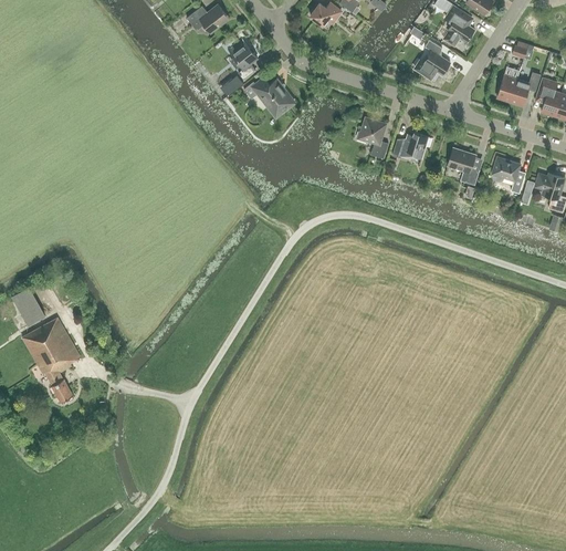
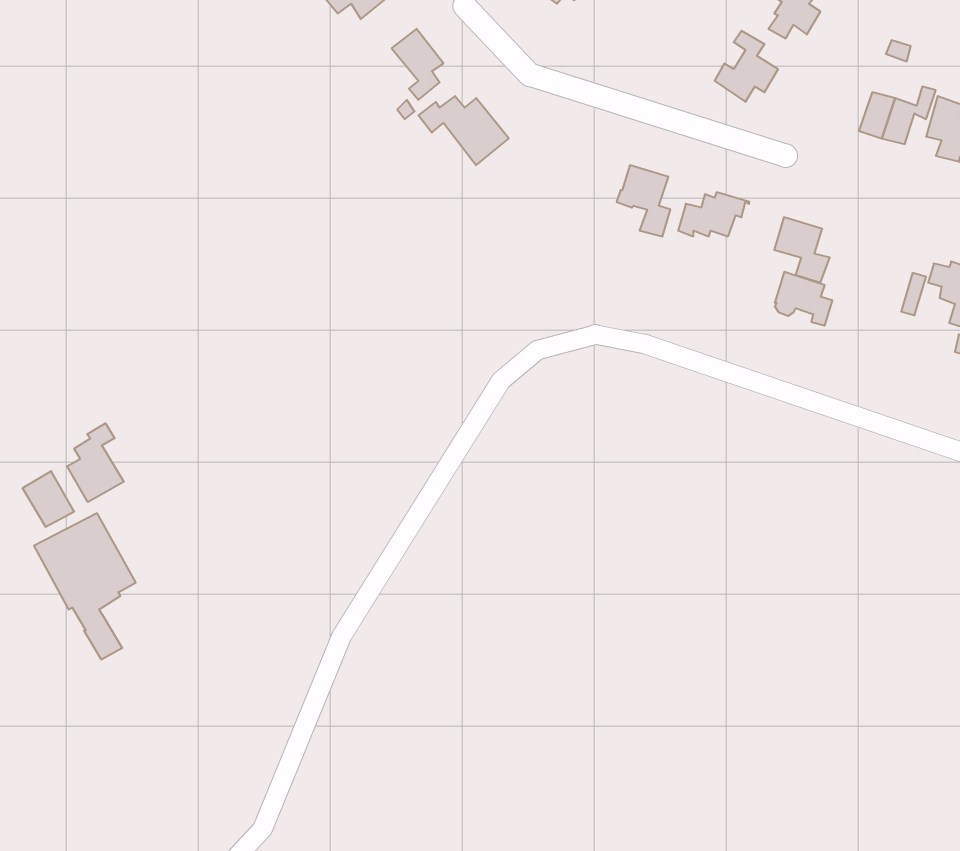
building: [492,156,525,187] -> [775,272,832,326]
building: none -> [67,423,124,502]

